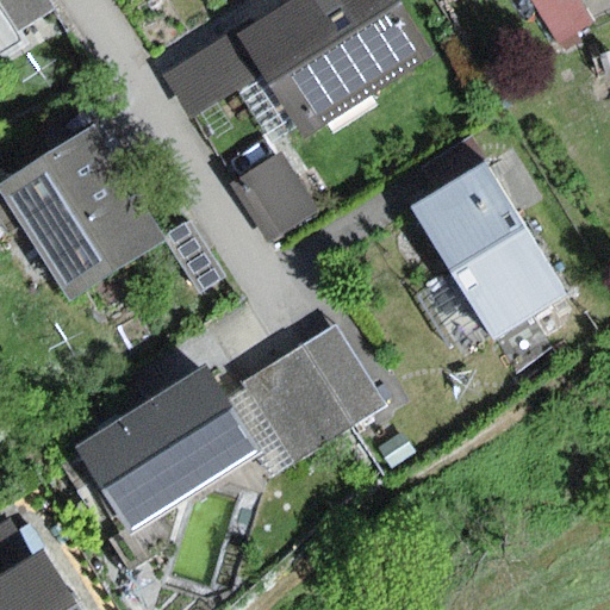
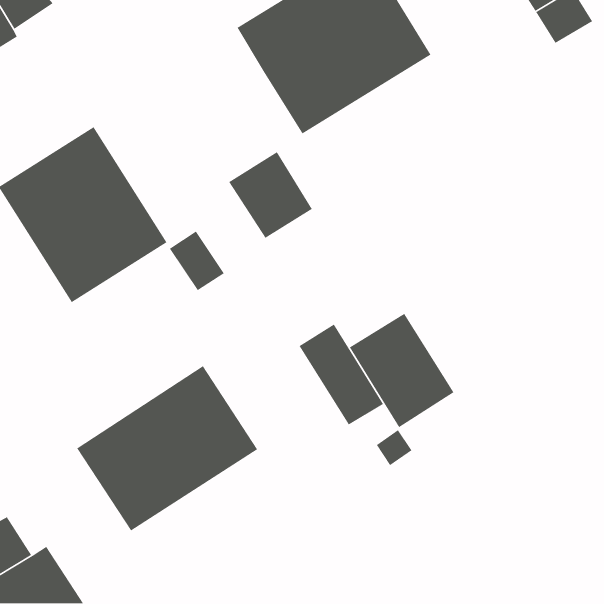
building: [162,27,263,117] -> none
building: [410,162,565,338] -> none
building: [243,347,349,462] -> [349,313,455,428]

